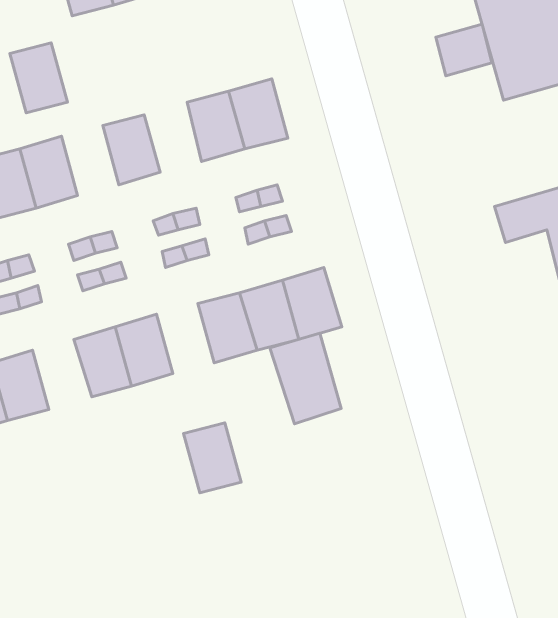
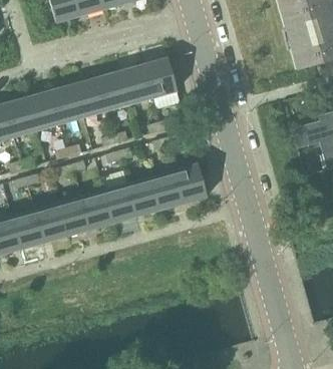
building: [436,24,492,76] -> none
building: [10,43,67,113] -> [50,84,82,123]
building: none -> [96,71,128,110]
building: [270,333,341,424] -> none
building: none -> [34,204,67,243]
building: [184,423,241,493] -> [103,183,135,223]

